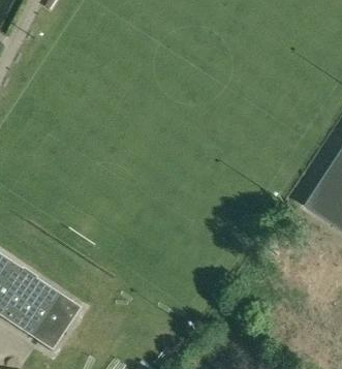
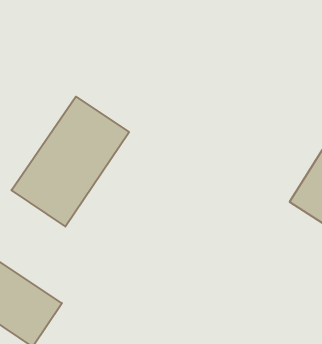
building: none -> [11,97,129,227]

